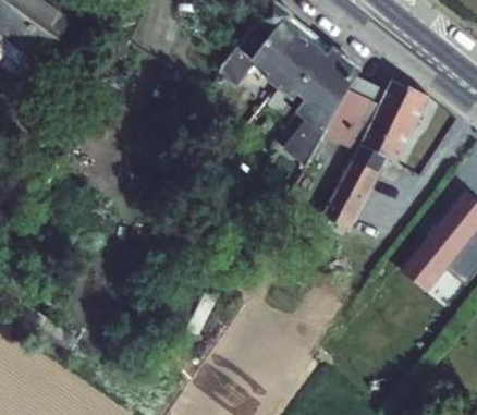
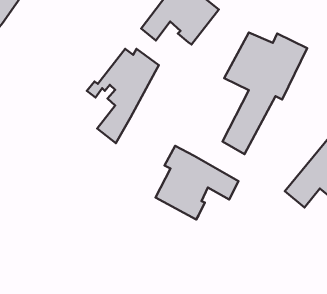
building: [269,46,360,166] -> [87,49,159,143]
building: none -> [156,146,239,220]

